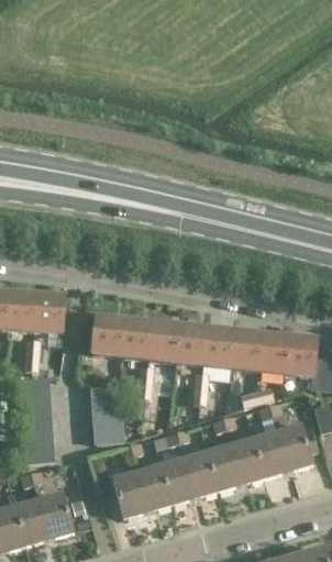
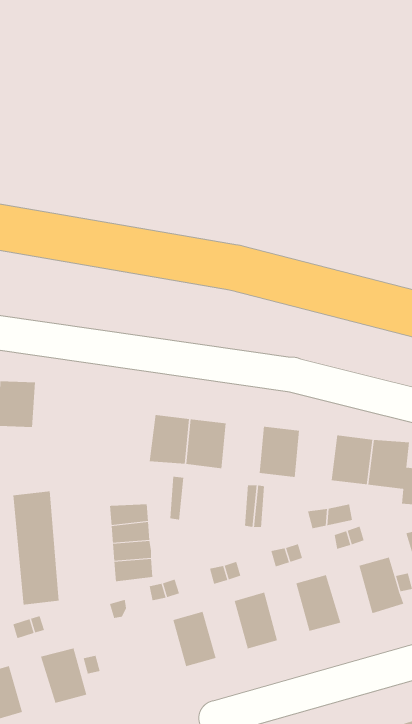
building: [33,295,63,331] -> none
building: [92,317,124,354] -> none
building: [175,326,206,363] -> none
building: [230,331,261,368] -> none
building: [253,432,287,475] -> none
building: [207,445,240,488] -> none
building: [161,459,193,502] -> none
building: [113,473,147,515] -> none
building: [15,500,49,542] -> none

